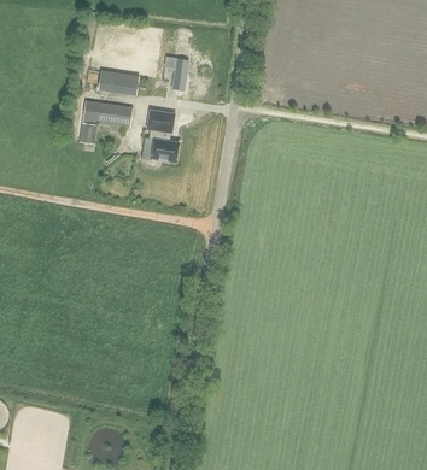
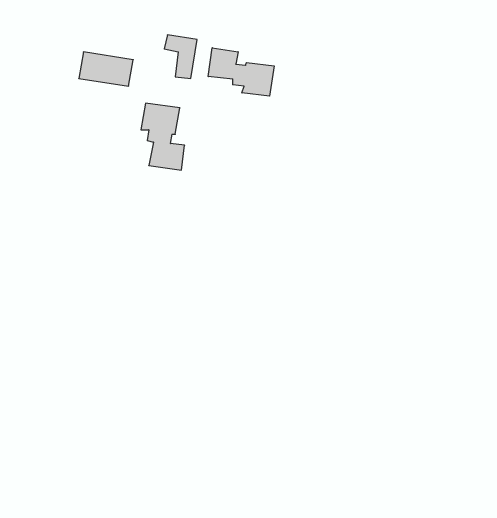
building: none -> [208,48,274,96]
building: [80,100,133,143] -> none

